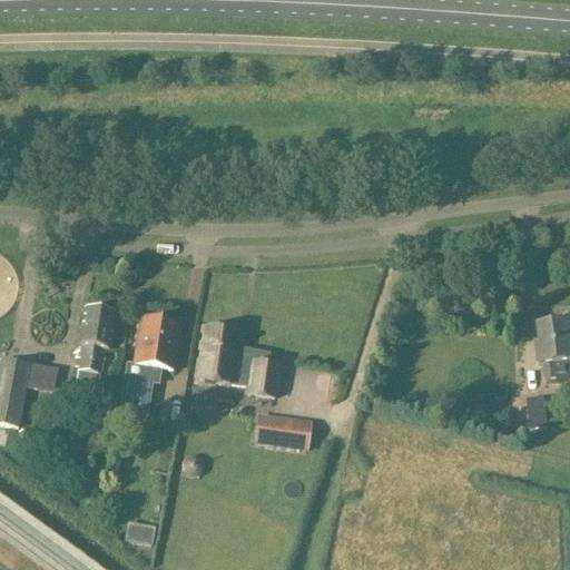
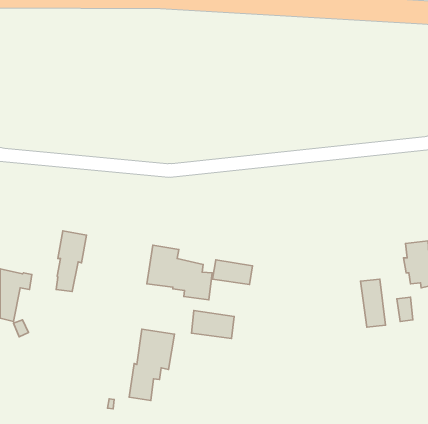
building: [120,315,180,410] -> [129,329,174,401]
building: none -> [212,260,253,285]
building: none -> [360,279,386,327]

